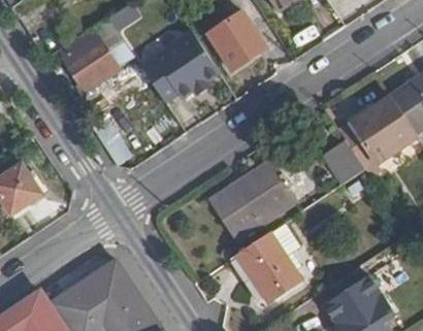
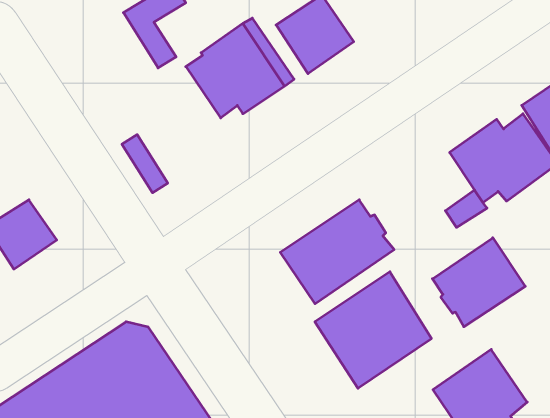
building: [57,29,118,93] -> none
building: none -> [432,238,525,327]

